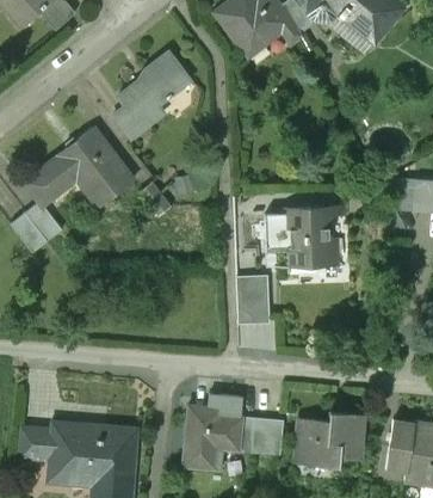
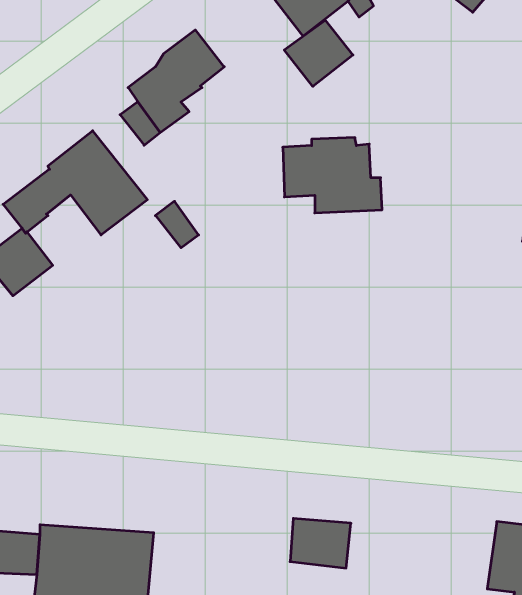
building: none -> [284,20,353,86]
building: [266,208,340,264] -> [283,138,382,213]
building: [237,279,270,319] -> none
building: [184,394,243,468] -> none
building: [297,411,364,466] -> none

